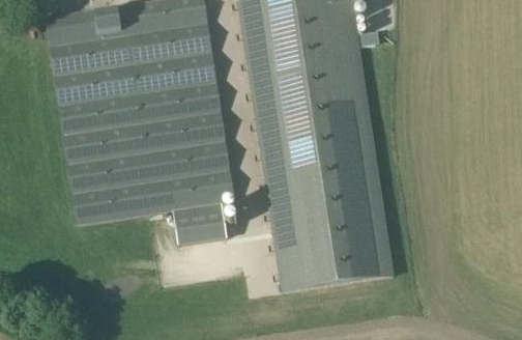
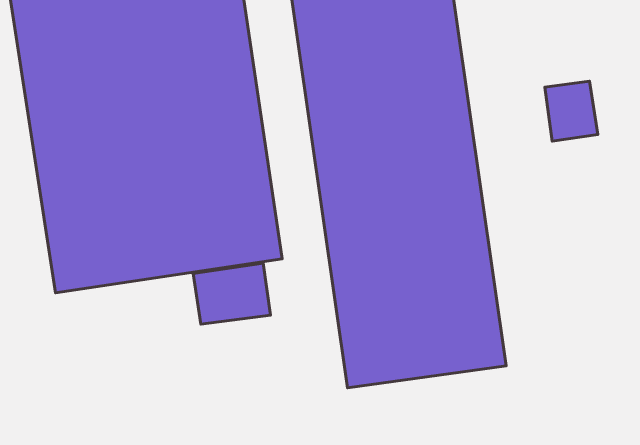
building: none -> [545,81,598,141]

